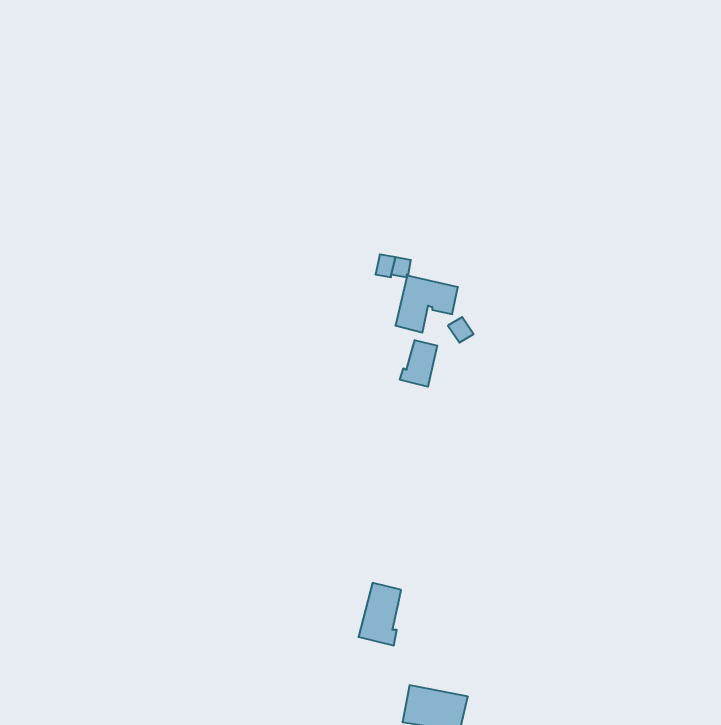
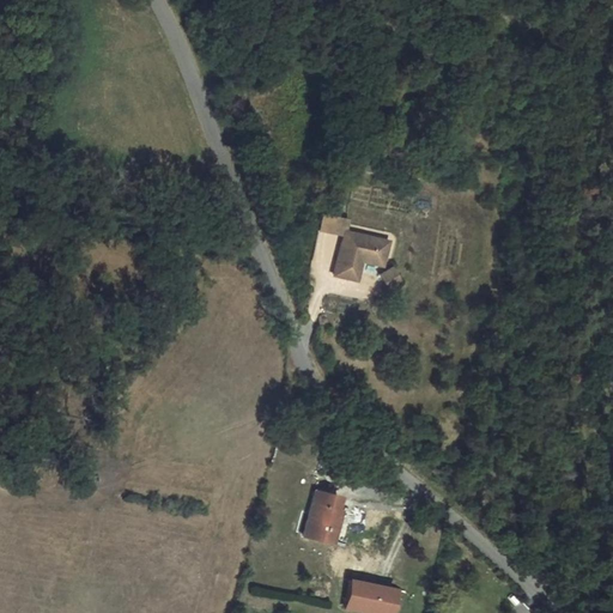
building: [400,340,437,387] -> none

